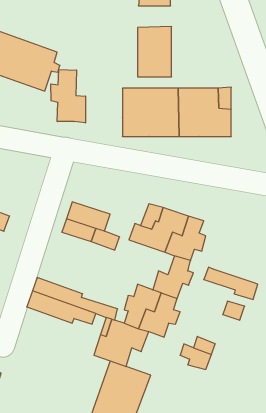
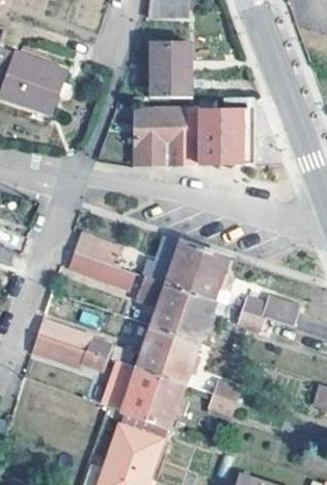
building: [51,70,85,123] -> none
building: none -> [136,276,193,331]
building: none -> [236,290,285,323]
building: none -> [140,377,182,425]

